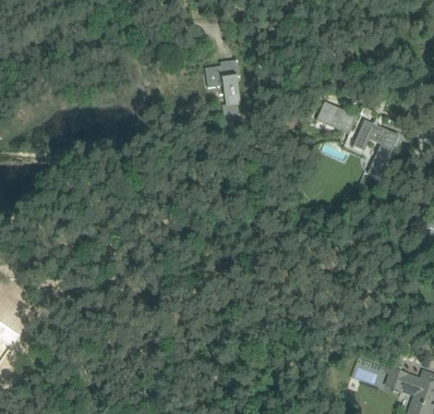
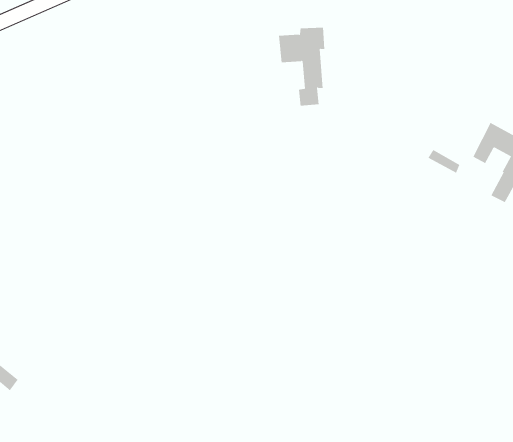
building: [318,101,357,131] -> none

